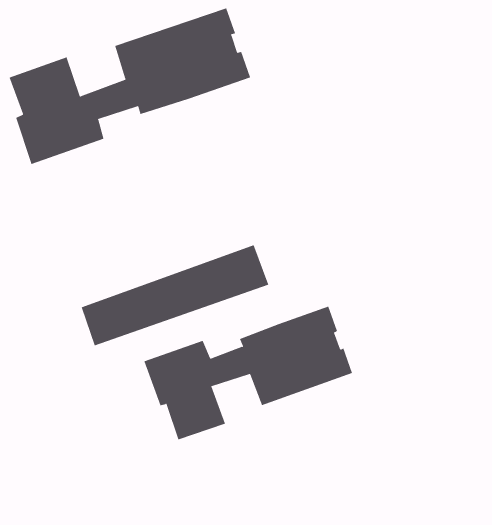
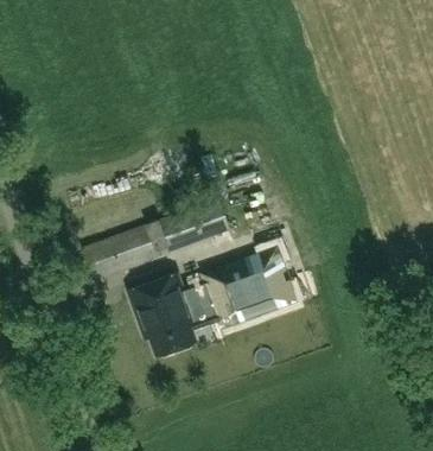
building: [9,7,251,165] -> none

